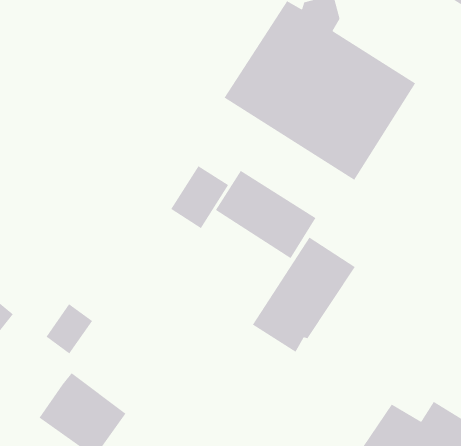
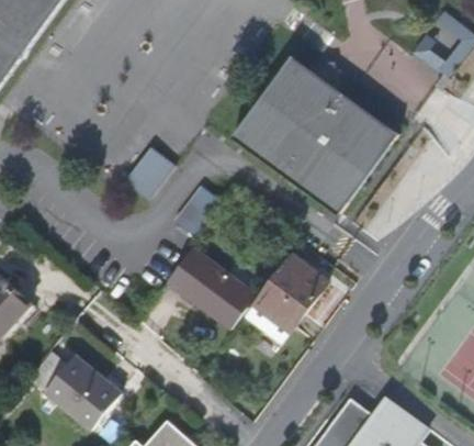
building: none -> [124,148,174,202]
building: [215,170,317,259] -> [169,250,256,330]
building: [45,303,93,354] -> [31,350,72,394]

